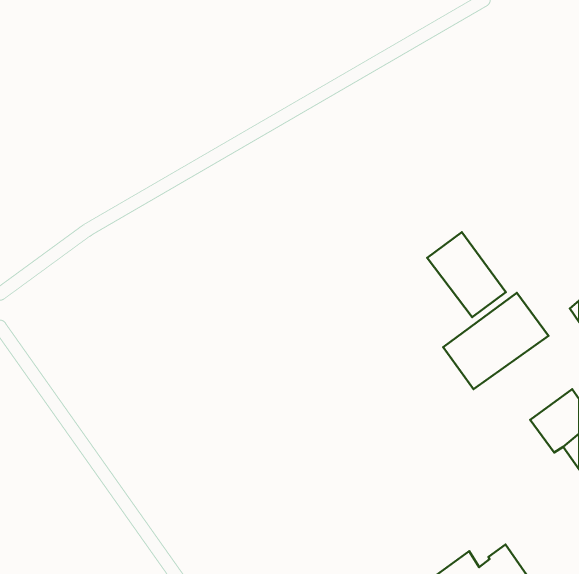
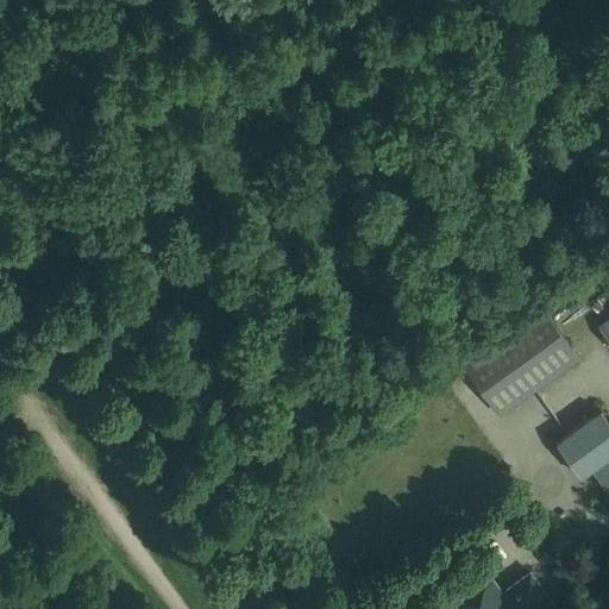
building: [427,232,506,317] -> none

